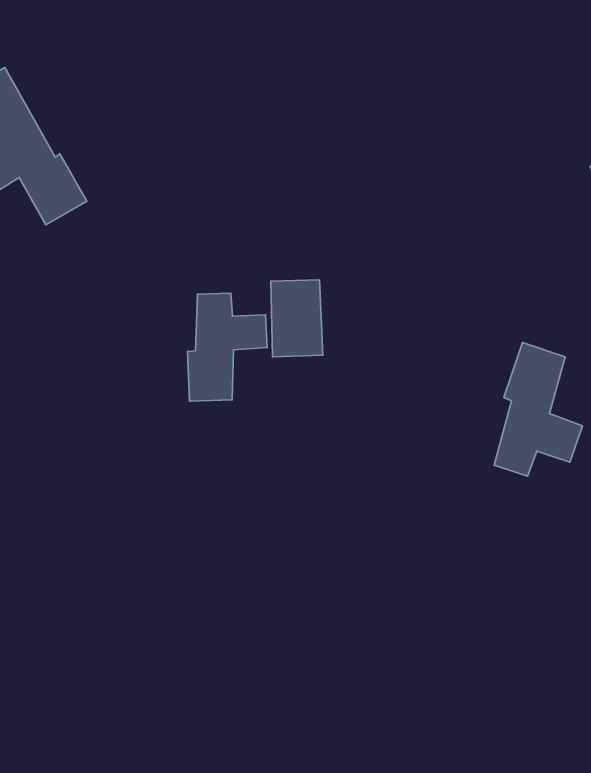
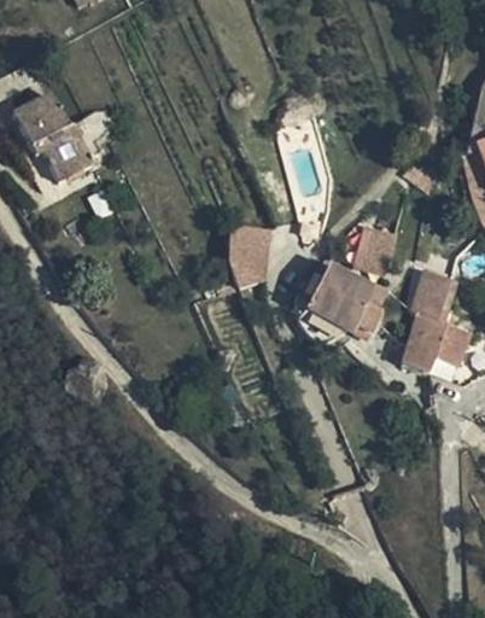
building: [187,293,267,401] -> none
building: none -> [304,269,379,336]

